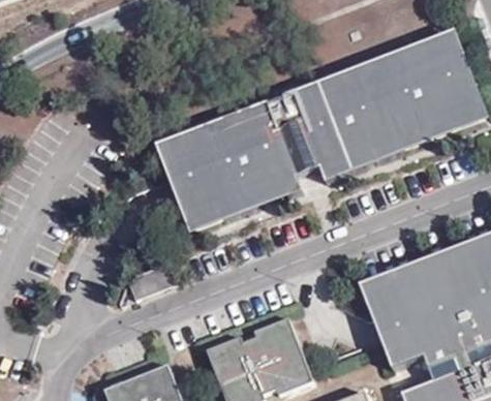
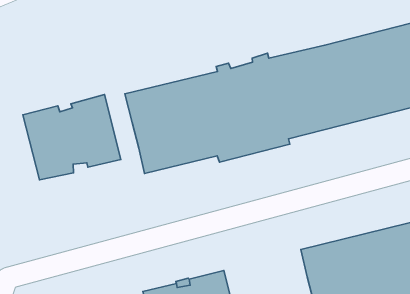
building: none -> [23,95,121,180]

